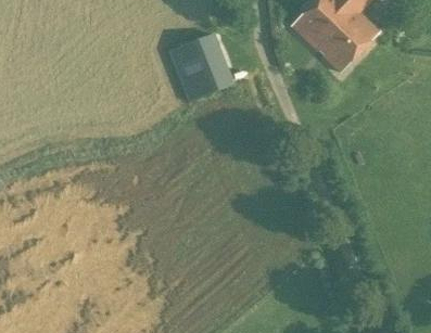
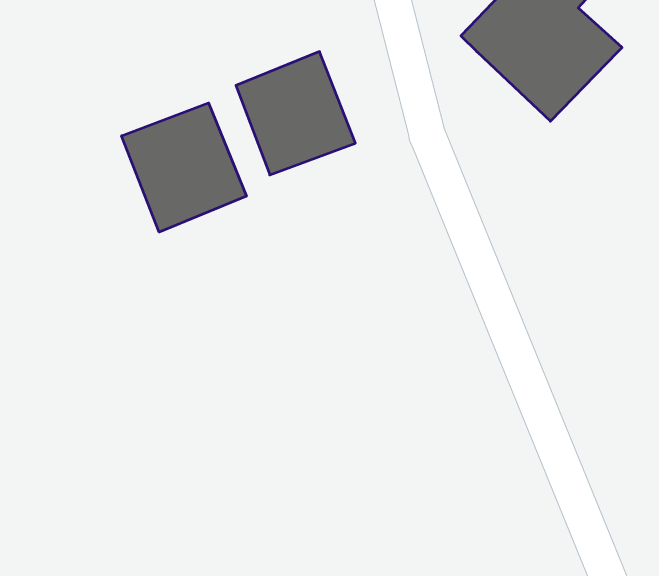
building: none -> [122,103,246,232]

